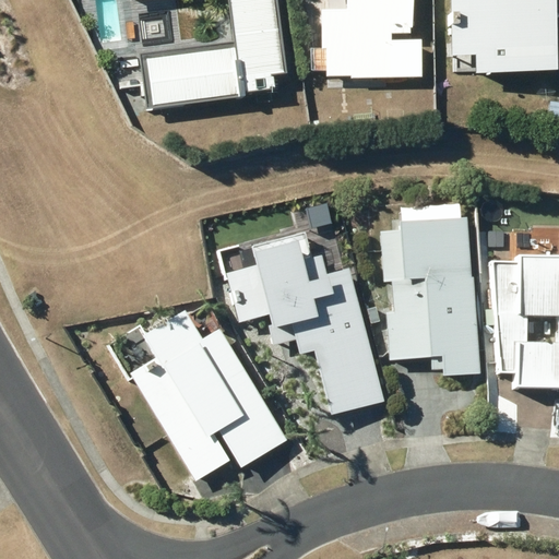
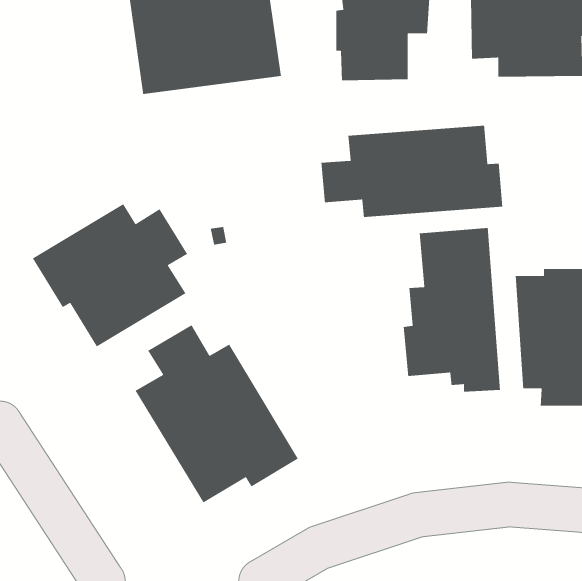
building: none -> [320,125,503,218]
building: none -> [32,203,188,348]
building: [227,234,386,415] -> none

